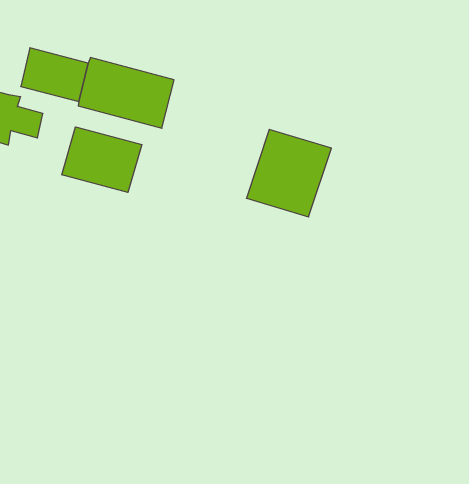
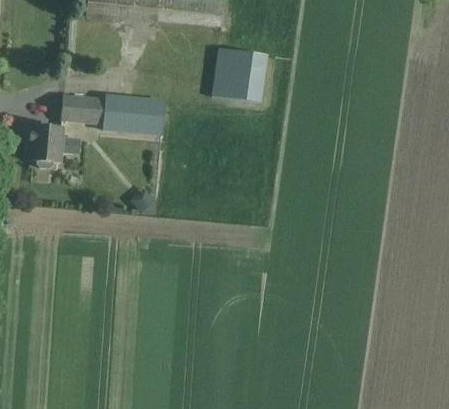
building: [62,127,142,192] -> none
building: [246,129,331,217] -> [212,47,264,102]

